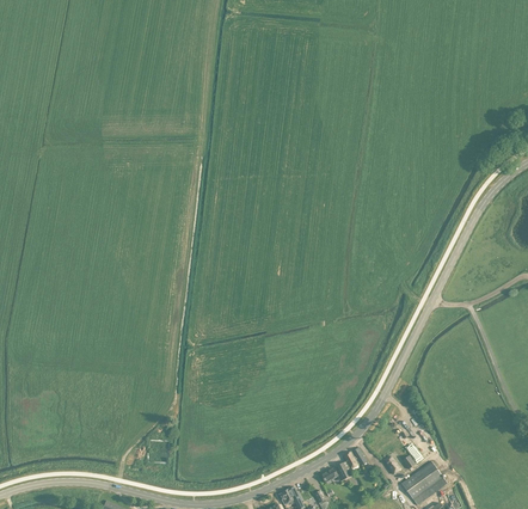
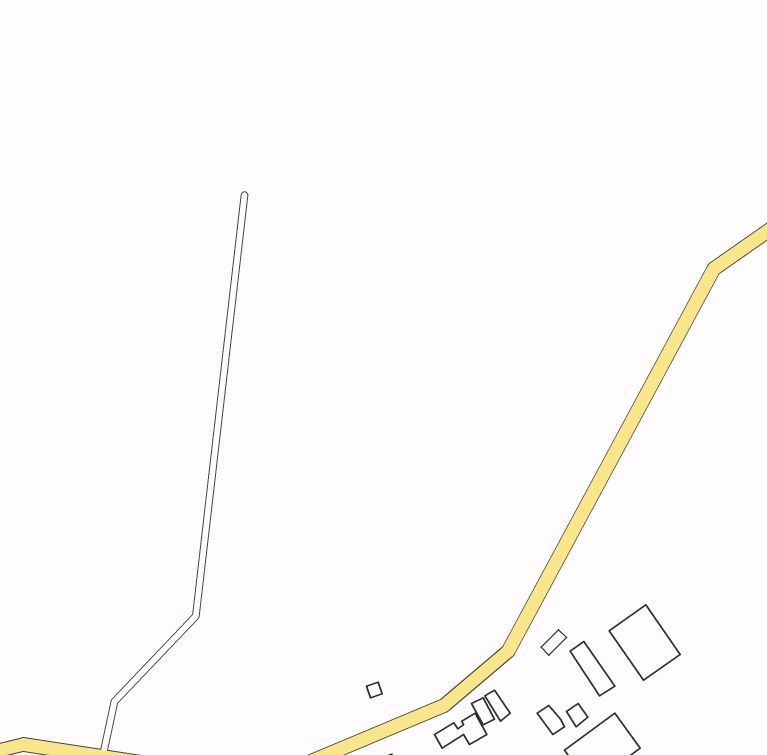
building: none -> [609,605,680,680]

